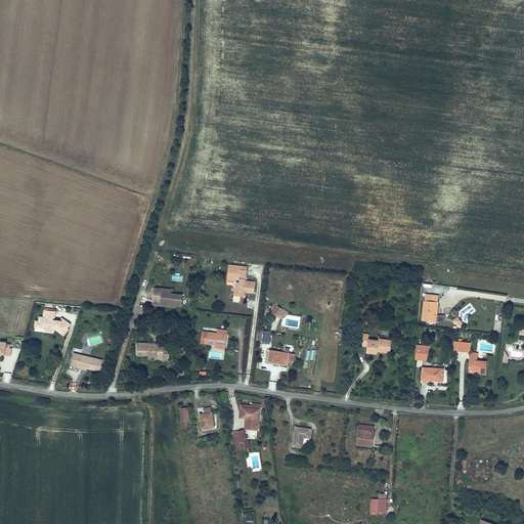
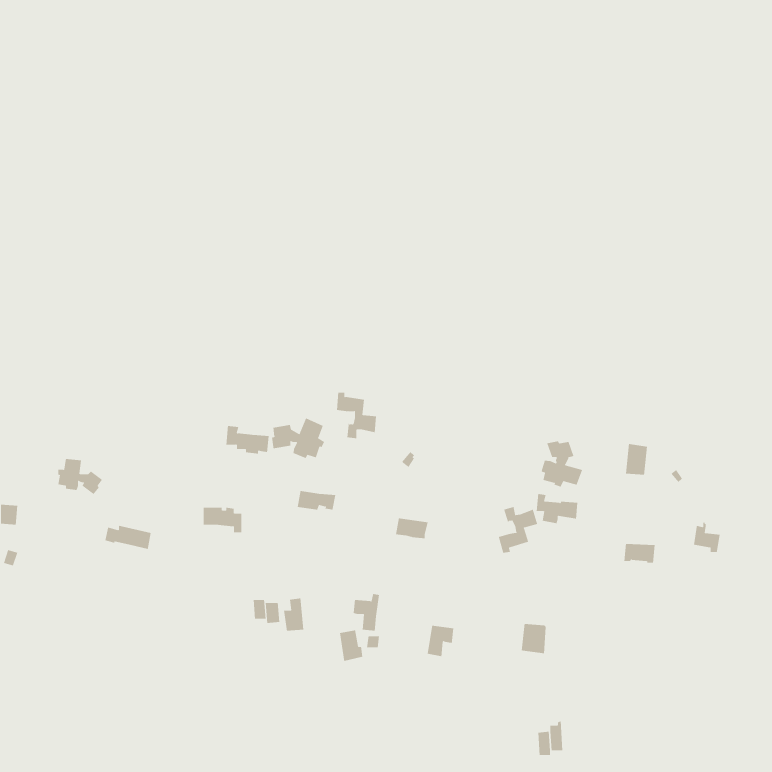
building: none -> [271,418,325,459]
building: none -> [541,441,583,487]
building: none -> [498,506,538,554]

